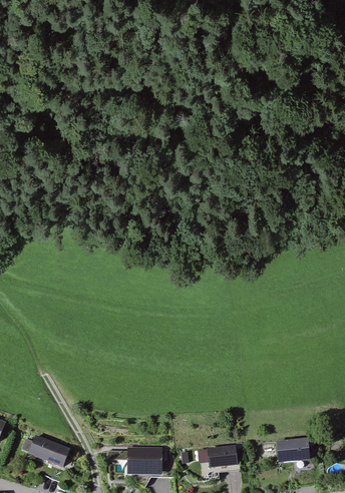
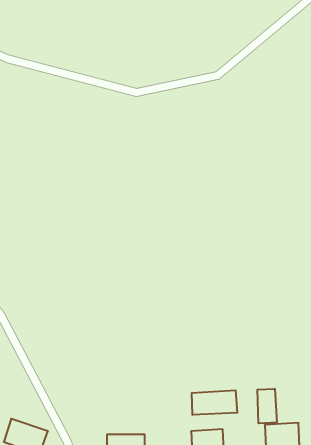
building: none -> [257,389,277,423]
building: none -> [192,390,237,415]

